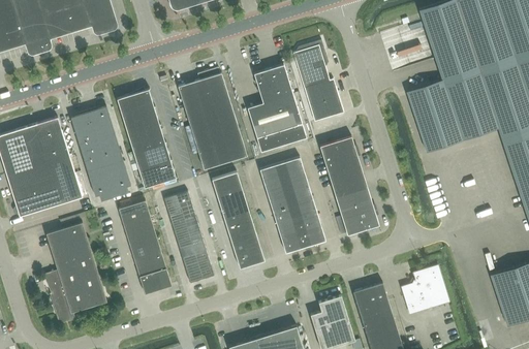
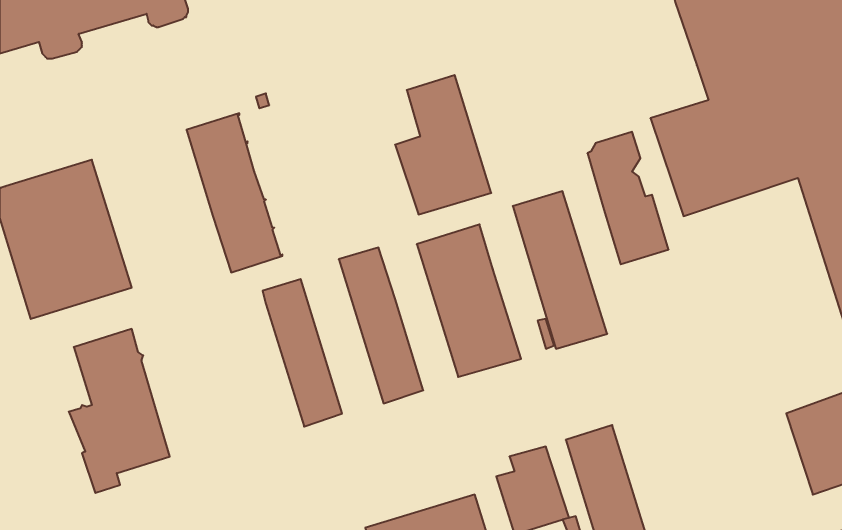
building: [293,39,344,122] -> [587,132,669,264]
building: [178,67,247,168] -> none
building: [71,106,130,200] -> none
building: [119,200,172,293] -> none
building: [401,264,449,314] -> none

